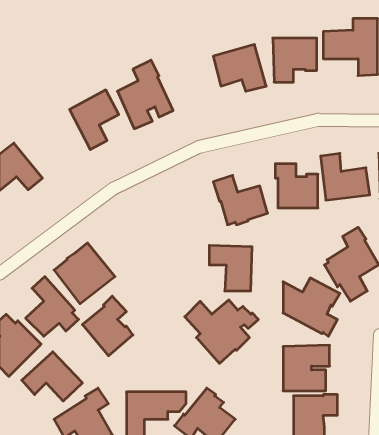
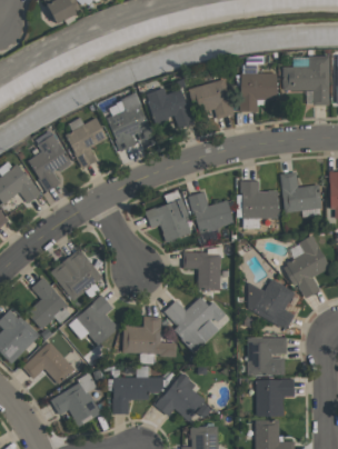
building: none -> [146,86,193,127]
building: none -> [28,133,72,190]
building: none -> [146,197,191,241]
building: none -> [123,316,177,356]

